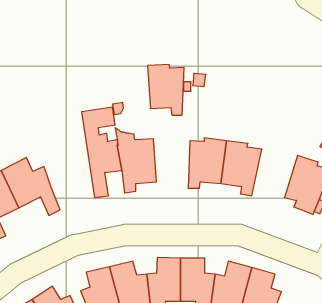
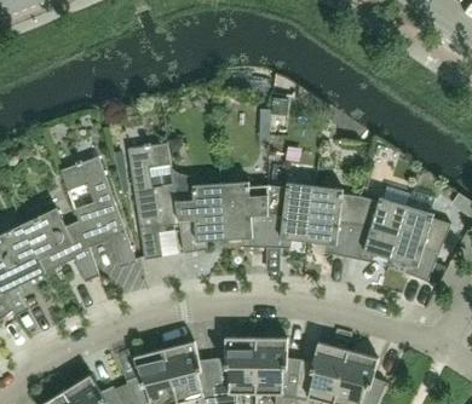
building: [148,65,184,115] -> [220,183,267,248]
building: none -> [59,157,136,269]
building: none -> [347,197,407,261]

